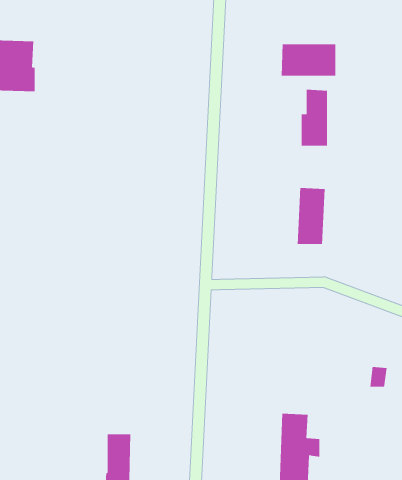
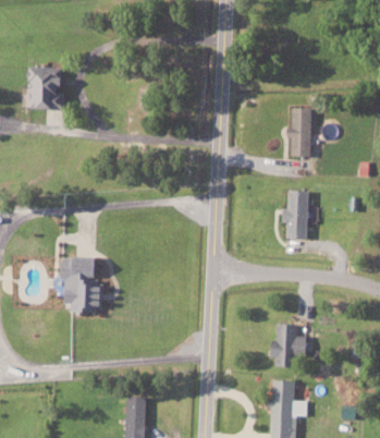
building: [281,43,336,77] -> none
building: none -> [64,258,106,312]
building: none -> [268,324,307,367]

